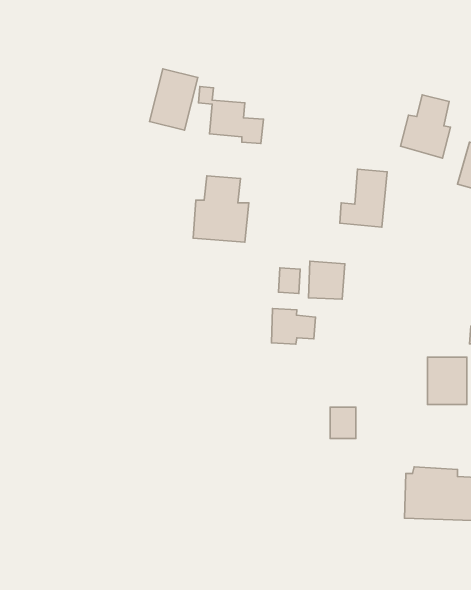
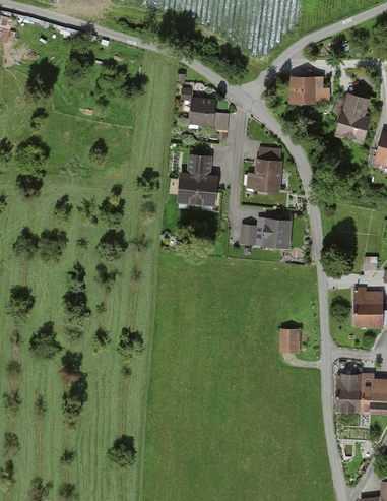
building: [150,69,198,130] -> none
building: none -> [291,77,316,106]
building: [340,169,387,227] -> [247,147,282,191]
building: [271,309,315,344] -> none

